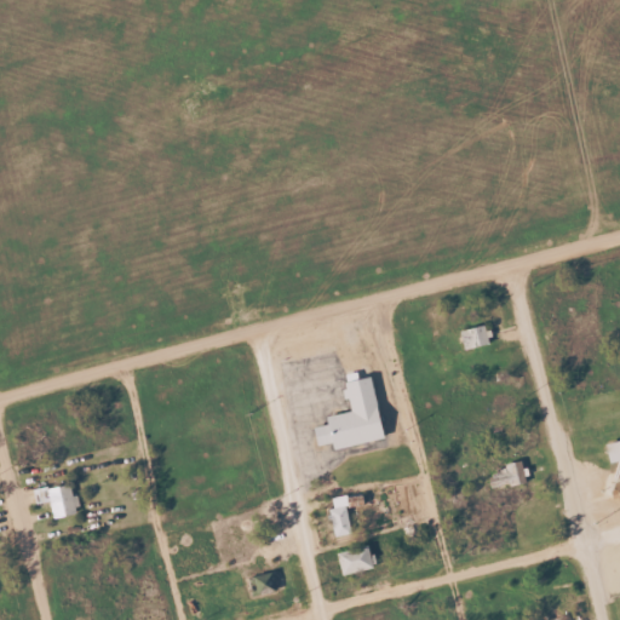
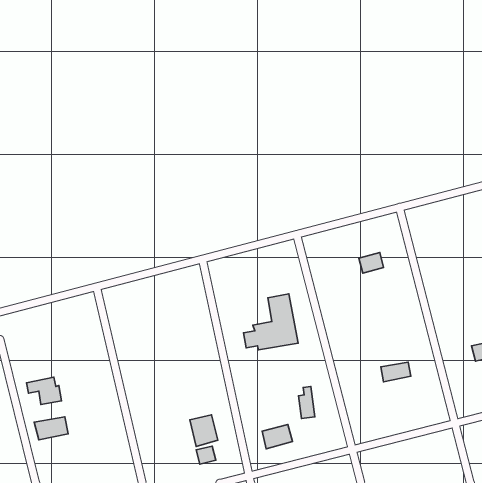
building: [332,495,352,536] -> [299,386,315,419]
building: none -> [190,415,218,447]
building: none -> [34,417,68,440]

